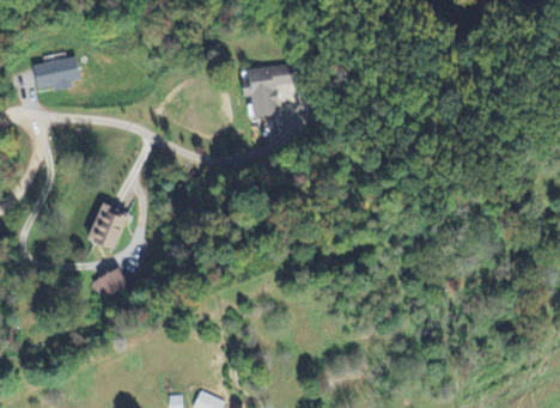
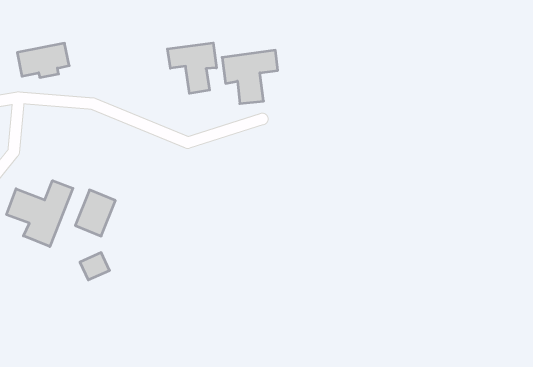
building: none -> [167,43,216,93]
building: none -> [7,181,73,247]

